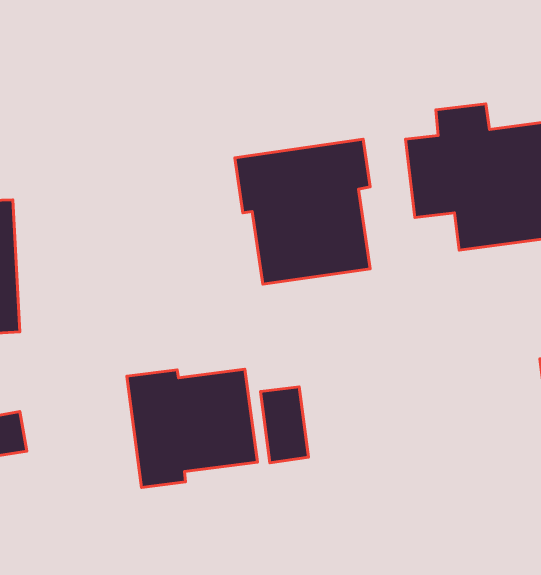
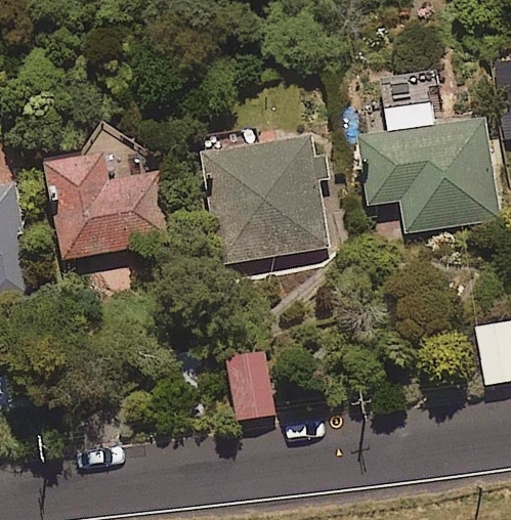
building: none -> [43,153,166,248]
building: [127,369,258,488] -> none

